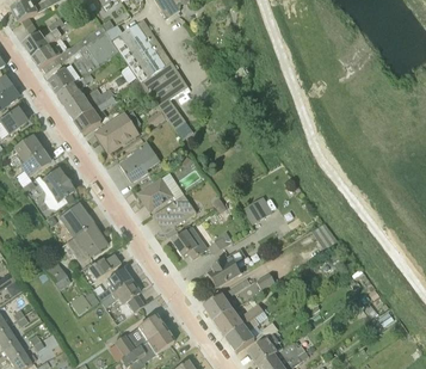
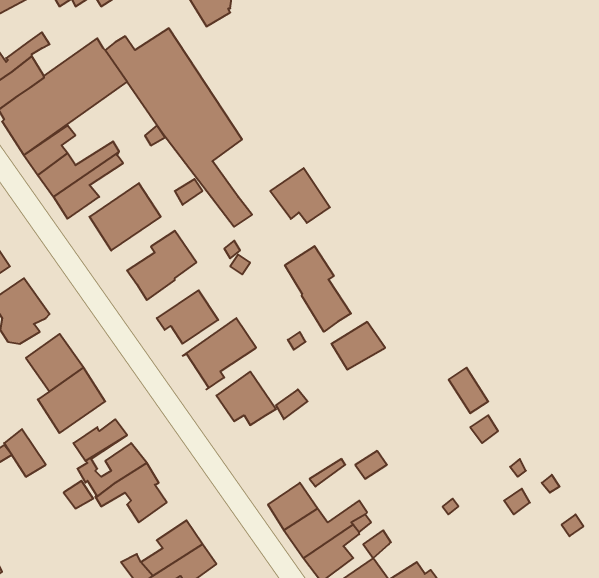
building: none -> [270,168,330,223]
building: none -> [285,246,351,332]
building: [208,253,242,287] -> none

